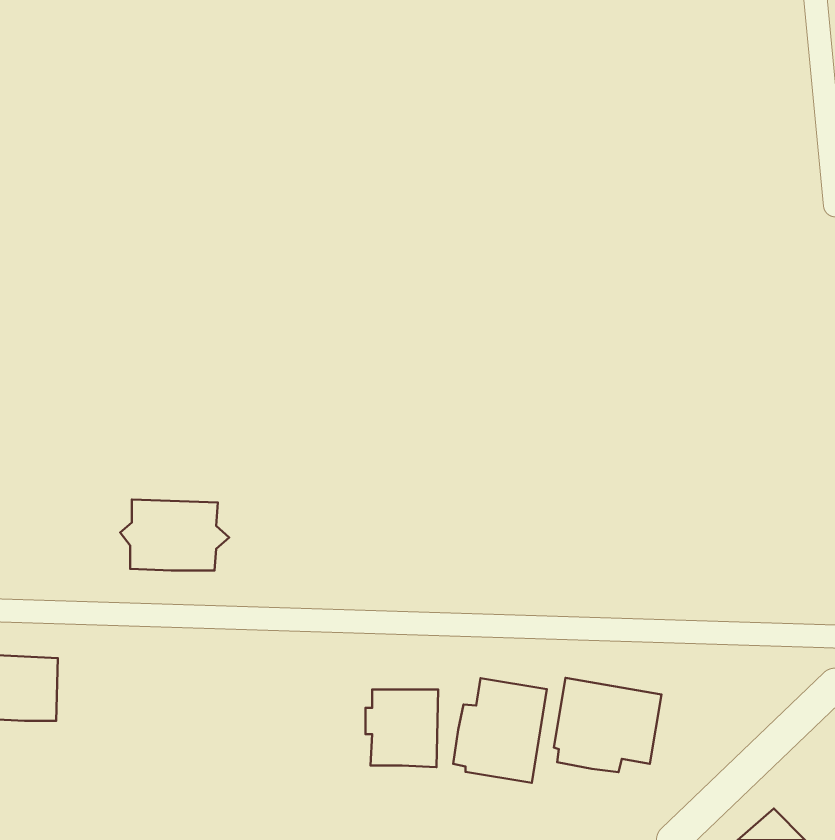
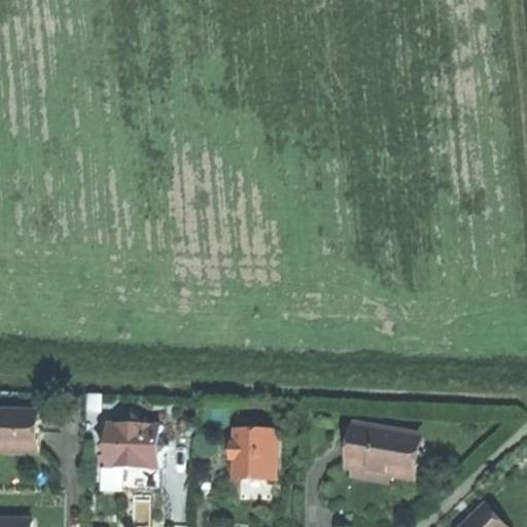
building: [120,499,229,570] -> [98,422,166,466]
building: [453,678,547,783] -> none

